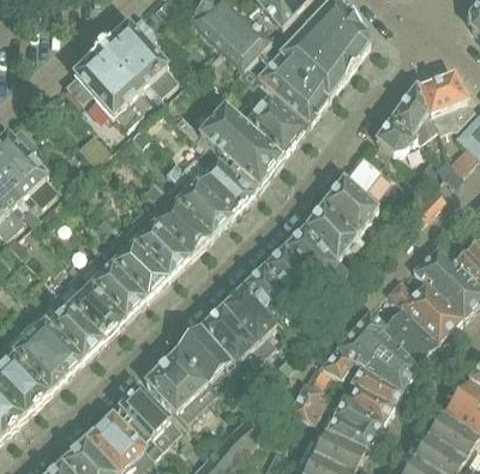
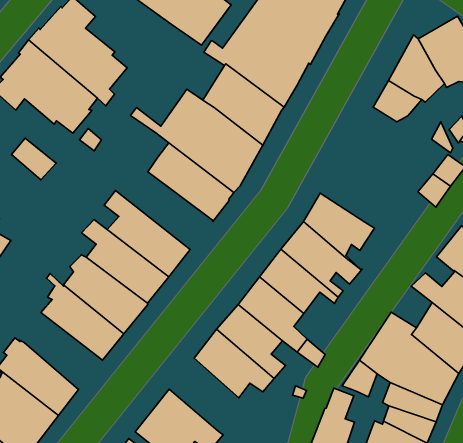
building: [323,155,380,233] -> none
building: [166,160,232,236] -> none
building: [60,263,126,341] -> none
building: [178,326,241,392] -> none

